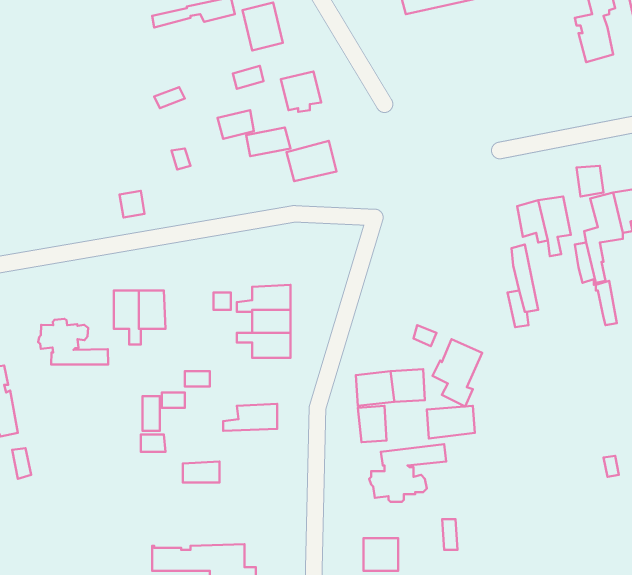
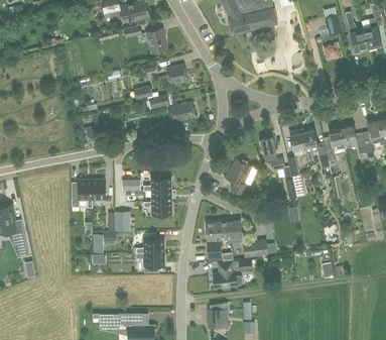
building: none -> [260,136,284,168]
building: [38,319,108,365] -> none
building: [432,339,482,406] -> [226,158,252,194]
building: none -> [136,251,164,271]

